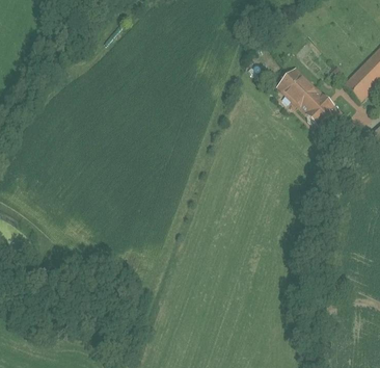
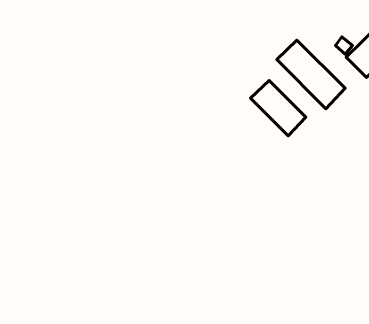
building: none -> [251,80,306,136]

